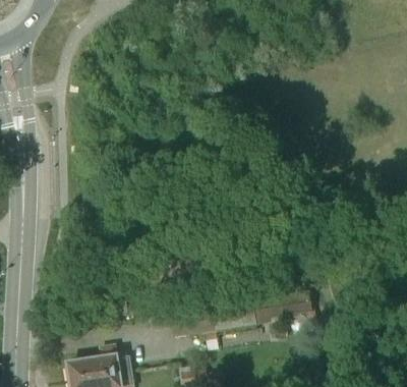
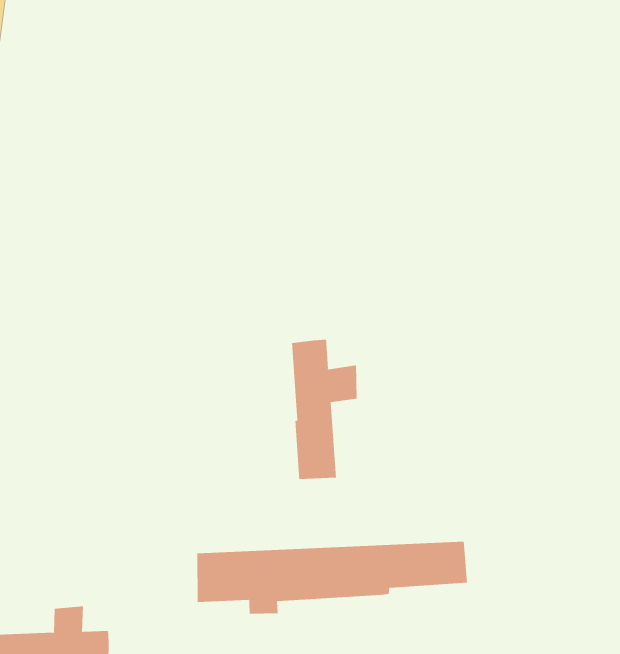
building: none -> [291,339,357,480]

